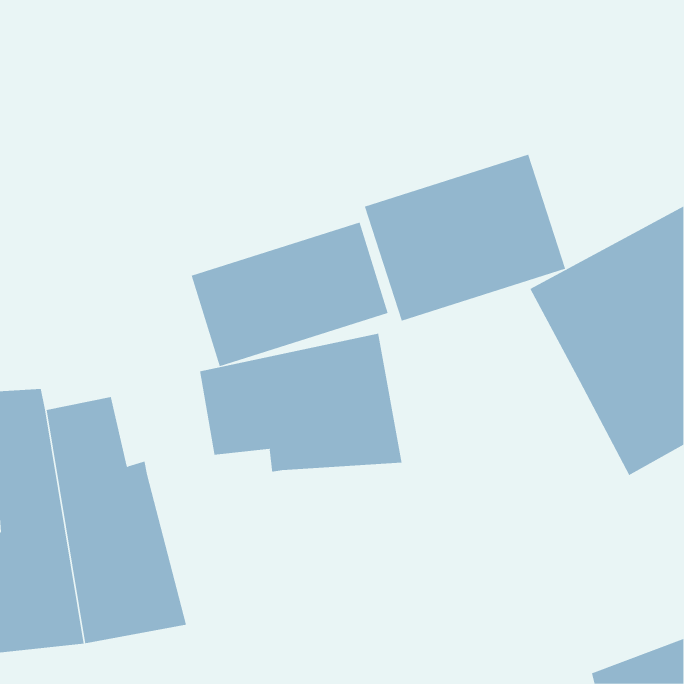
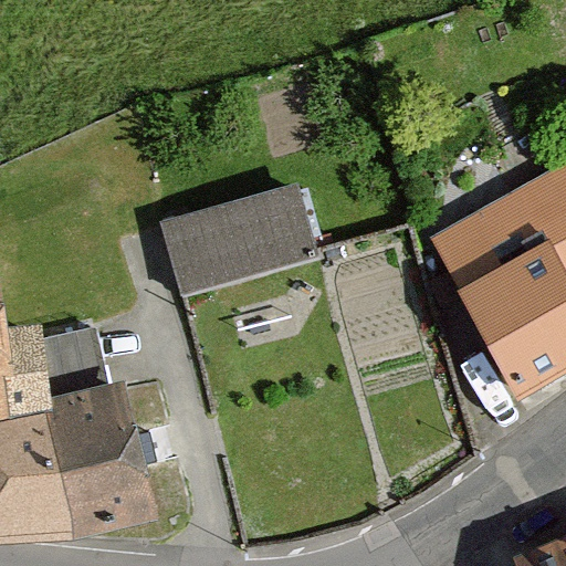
building: [364,154,566,321] -> none
building: [200,333,402,472] -> none

